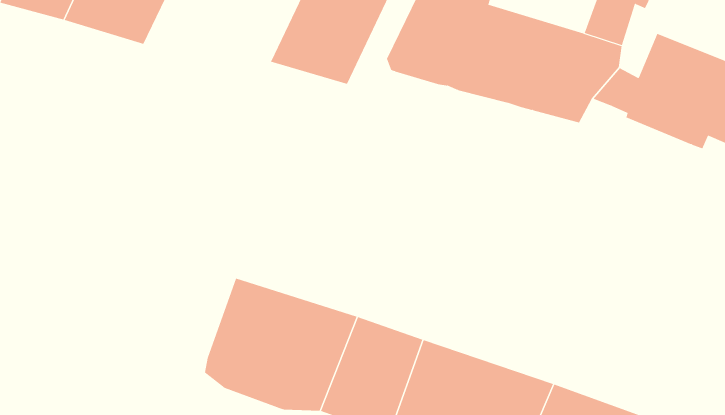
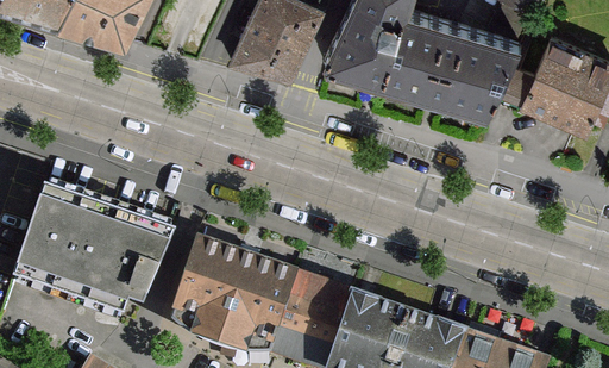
building: none -> [14,186,169,311]

